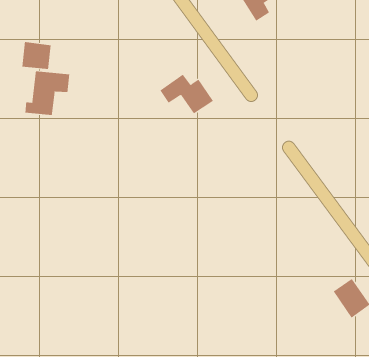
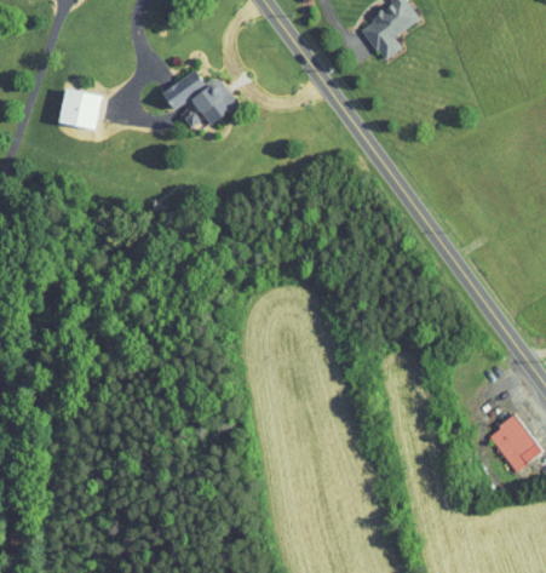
building: [25,70,70,116] -> none
building: [159,74,214,114] -> [161,68,236,124]

